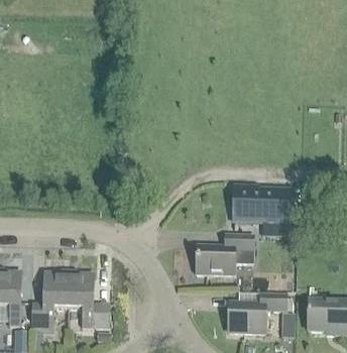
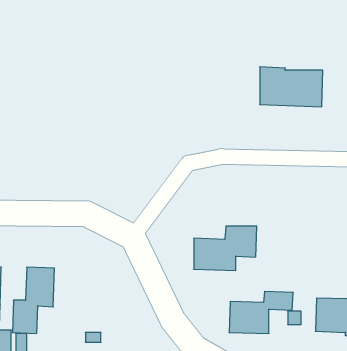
building: [234,186,292,222] -> [260,67,323,107]
building: [68,272,109,327] -> none

